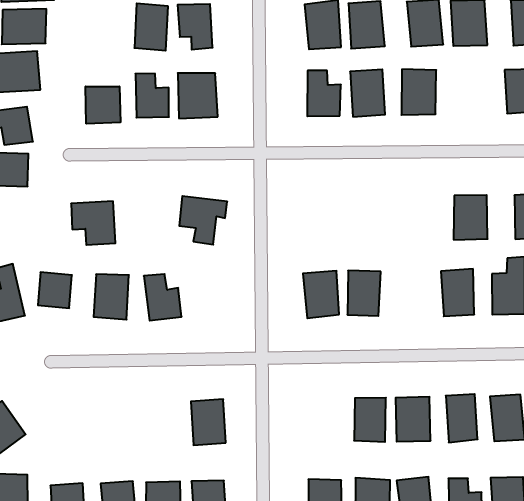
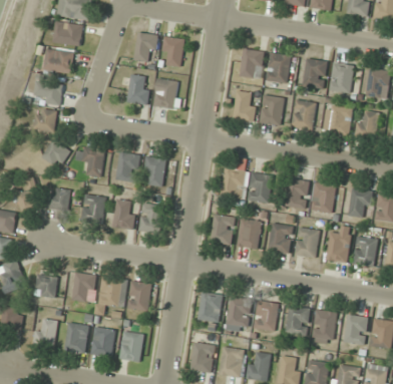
building: none -> [329,105,352,135]
building: [86,86,120,124] -> none
building: none -> [250,173,271,203]
building: none -> [287,178,309,209]
building: none -> [221,168,247,200]
building: none -> [115,151,140,182]
building: none -> [42,140,70,168]
building: none -> [269,224,293,254]
building: none -> [139,204,160,234]
building: none -> [199,291,223,323]
building: none -> [73,273,95,299]
building: none -> [96,277,123,314]
building: none -> [35,275,57,297]

